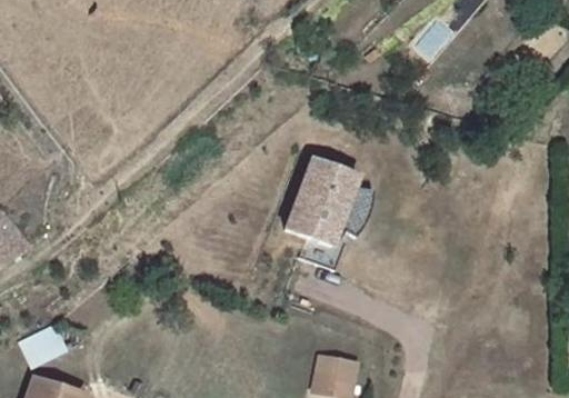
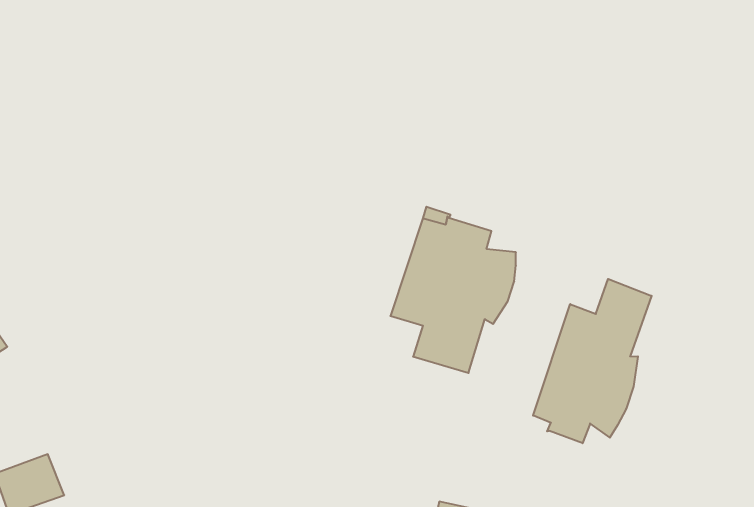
building: none -> [533,279,652,443]

